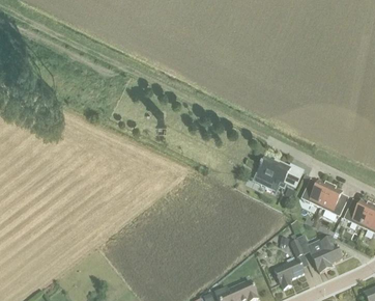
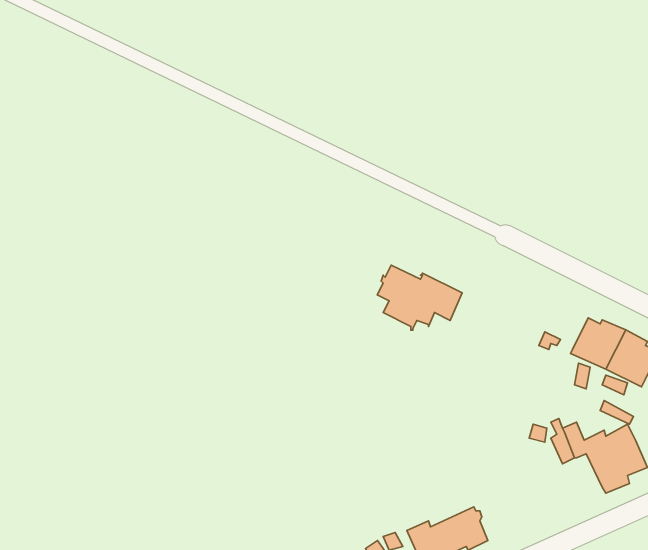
building: [256,157,300,191] -> [377,265,462,330]
building: [273,257,304,288] -> none

